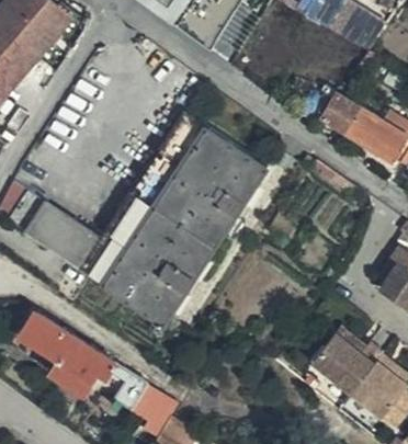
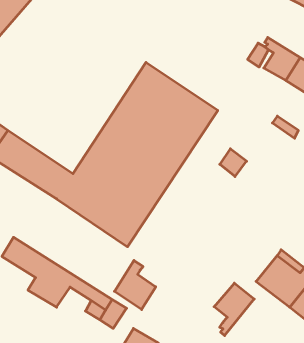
building: none -> [114,260,156,310]
building: none -> [214,283,254,336]

